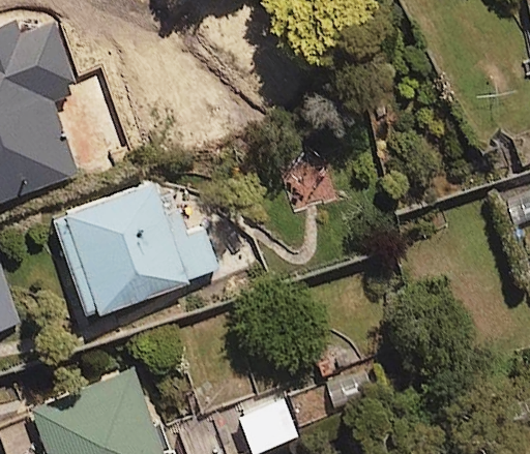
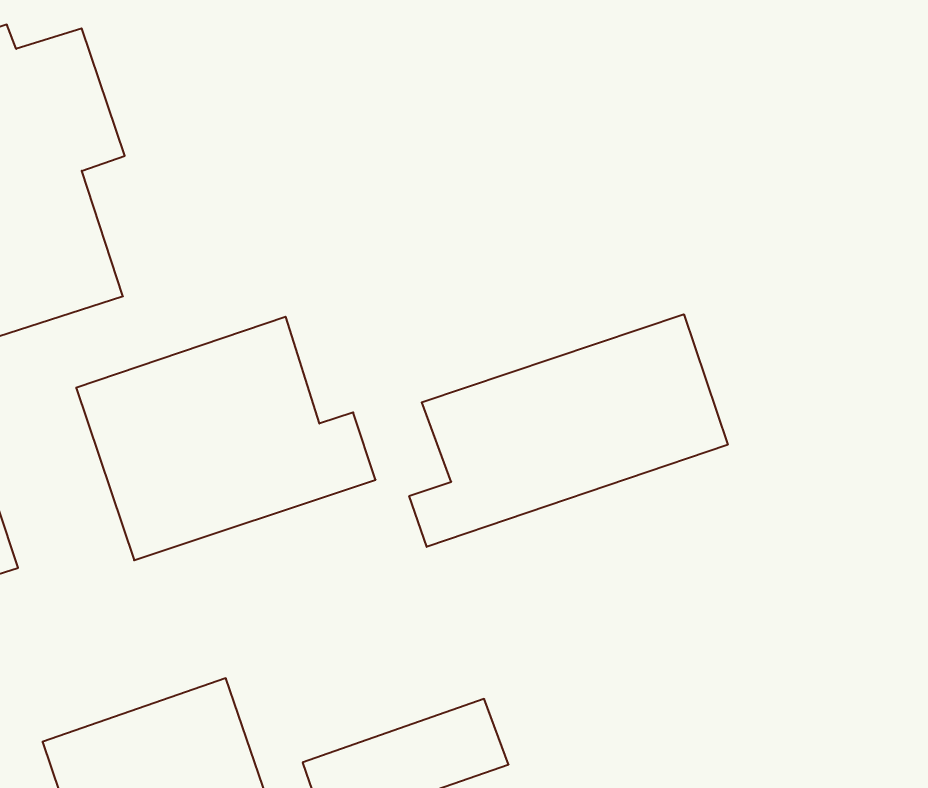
building: none -> [409,314,728,547]

